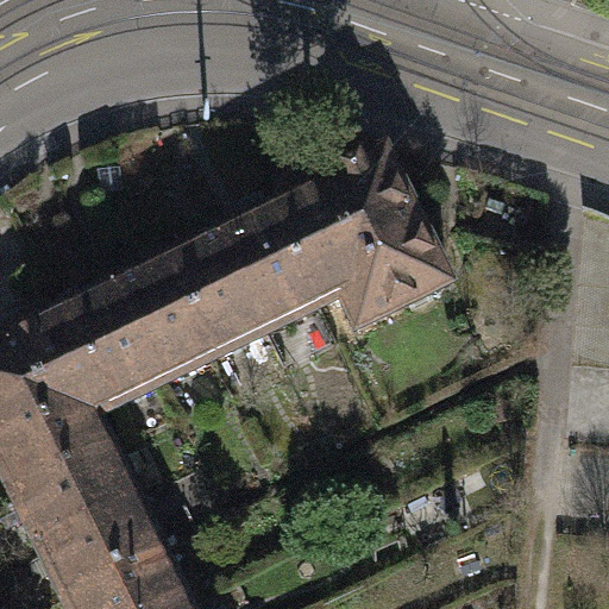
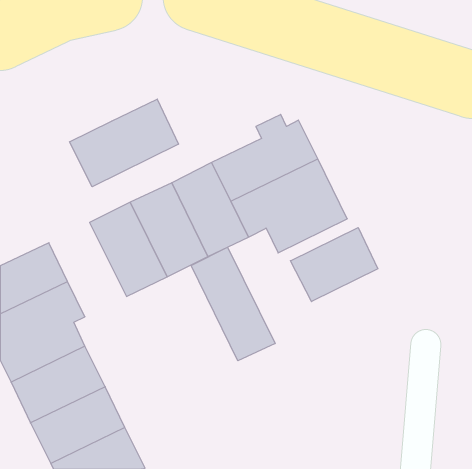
building: none -> [70,99,178,187]
building: [63,287,163,408] -> none
building: none -> [290,228,378,302]
building: none -> [191,247,275,361]

